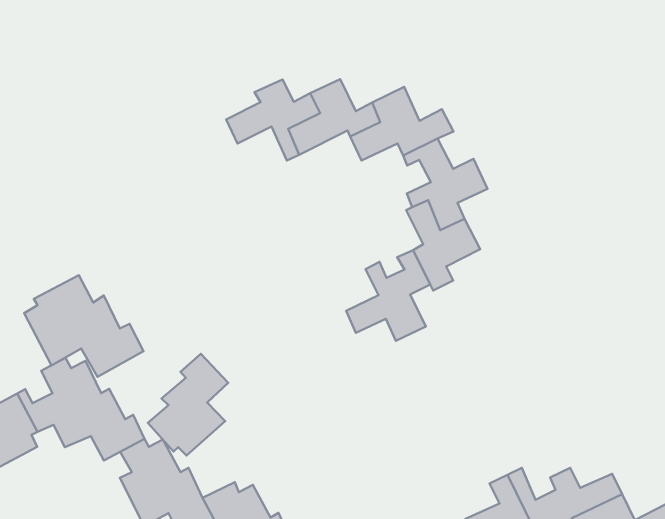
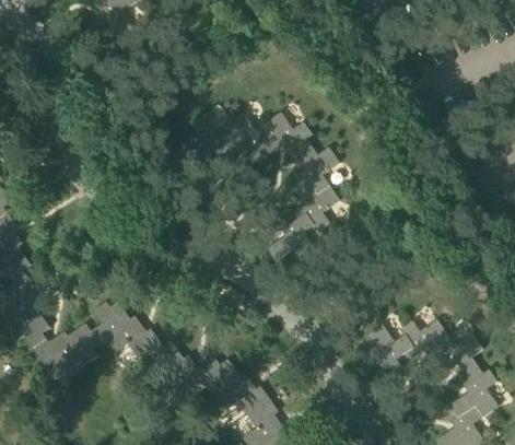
building: [24,275,144,377] -> none
building: [148,354,228,455] -> none

